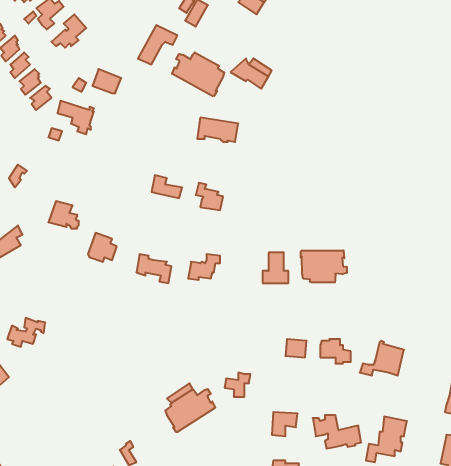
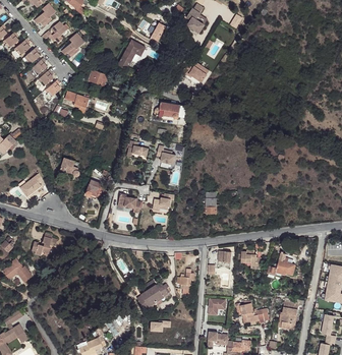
building: [172,52,224,96] -> none
building: [301,250,347,282] -> none

